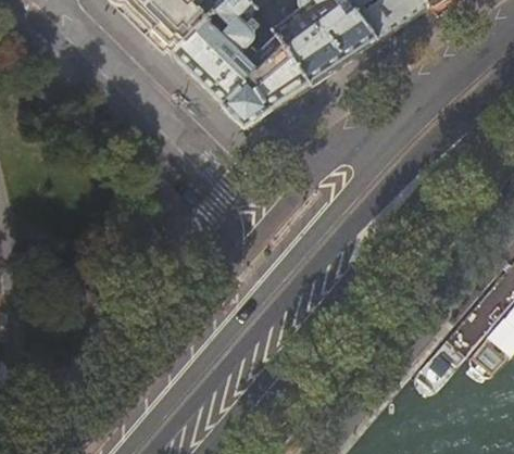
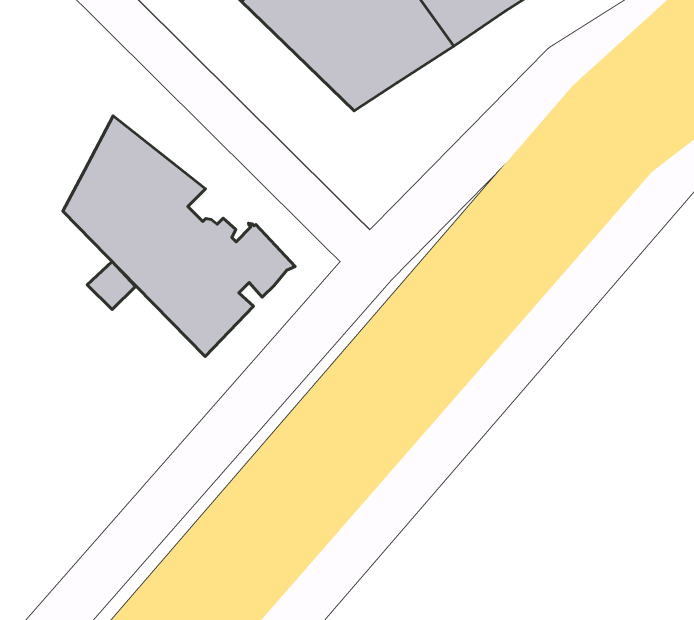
building: none -> [63,116,295,356]

